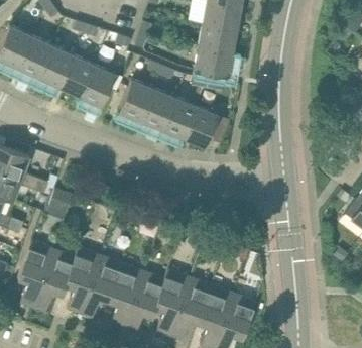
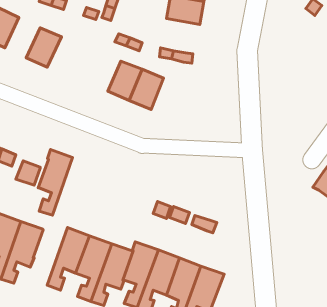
building: [37,46,73,87] -> none
building: [195,47,232,77] -> none
building: [80,66,115,107] -> none
building: [119,81,153,120] -> none
building: [184,107,219,147] -> none
building: [66,248,100,314] -> [38,149,73,215]

